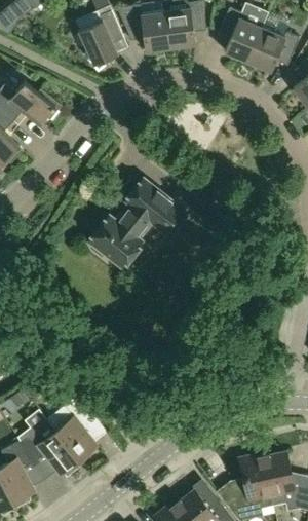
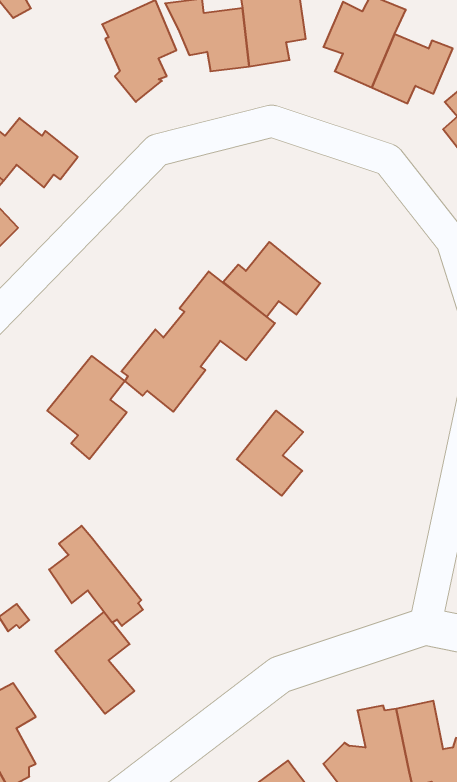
building: none -> [223,242,320,317]
building: none -> [47,356,127,459]
building: none -> [237,411,303,496]
building: [20,412,79,476] -> [49,526,143,626]

